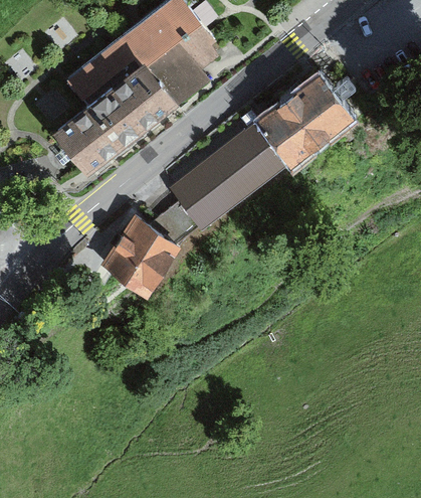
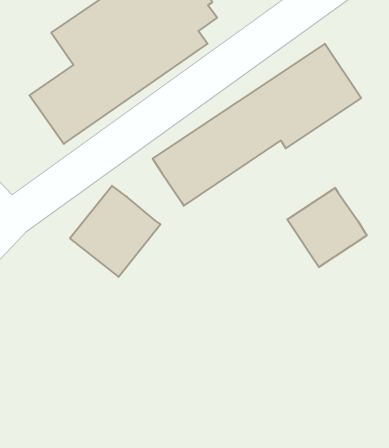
building: [148,199,198,243] -> none
building: none -> [287,188,367,267]

